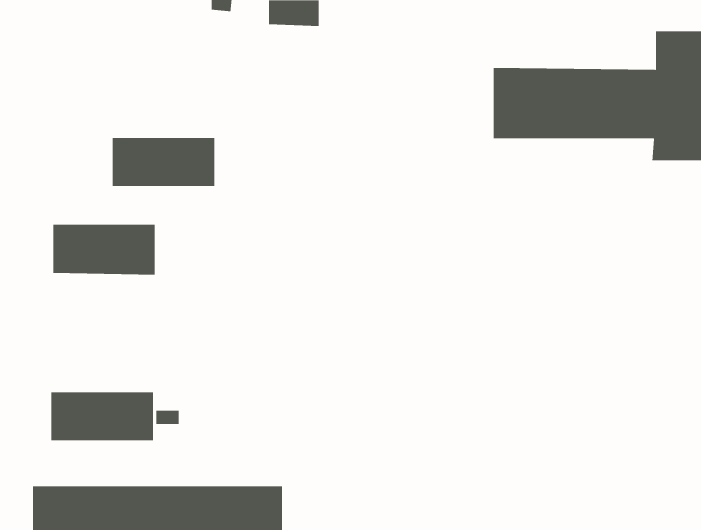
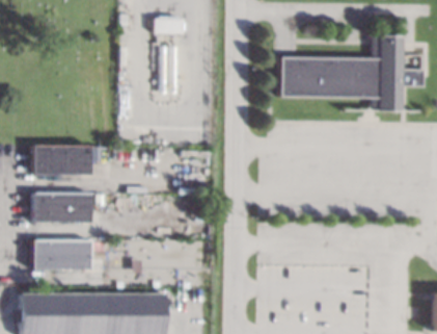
building: [112,137,215,187] -> [33,194,91,222]

